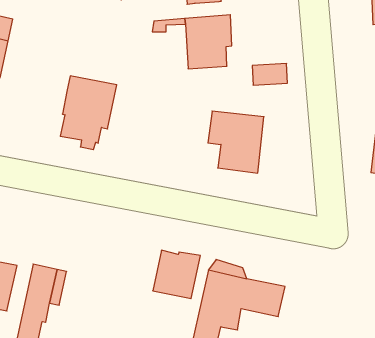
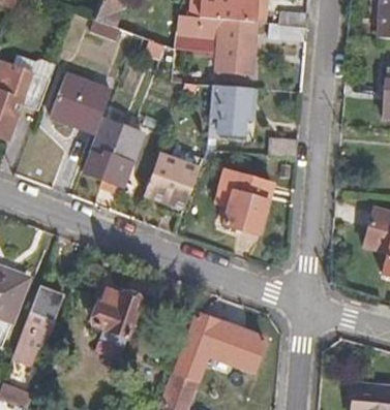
building: none -> [52,75,112,133]
building: none -> [144,154,200,210]
building: [153,250,200,299] -> [95,287,143,335]

